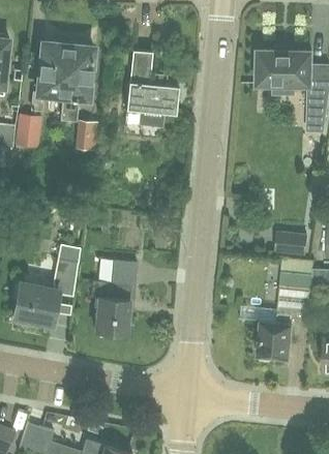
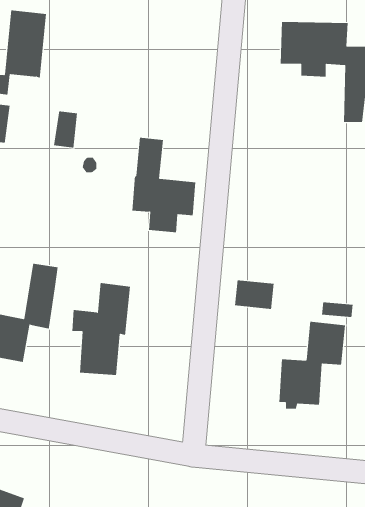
building: [61,44,92,121] -> none
building: [126,51,178,127] -> [131,137,196,233]
building: [276,233,308,256] -> [234,280,274,309]

